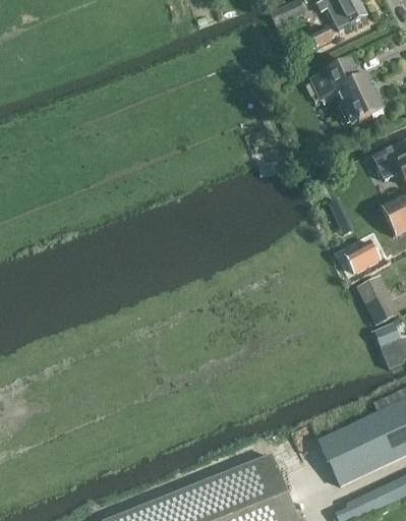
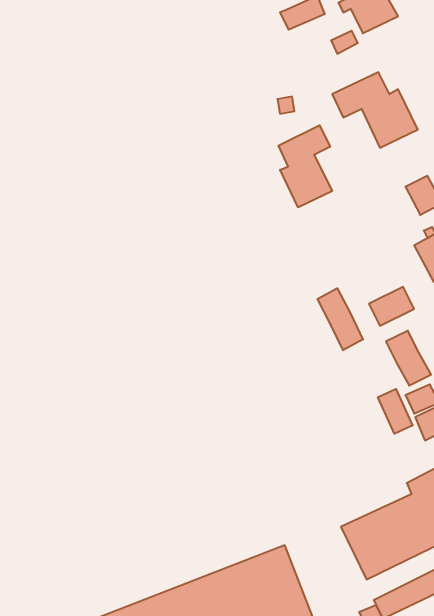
building: none -> [278,125,332,207]
building: none -> [317,288,363,350]
building: none -> [378,389,413,434]

